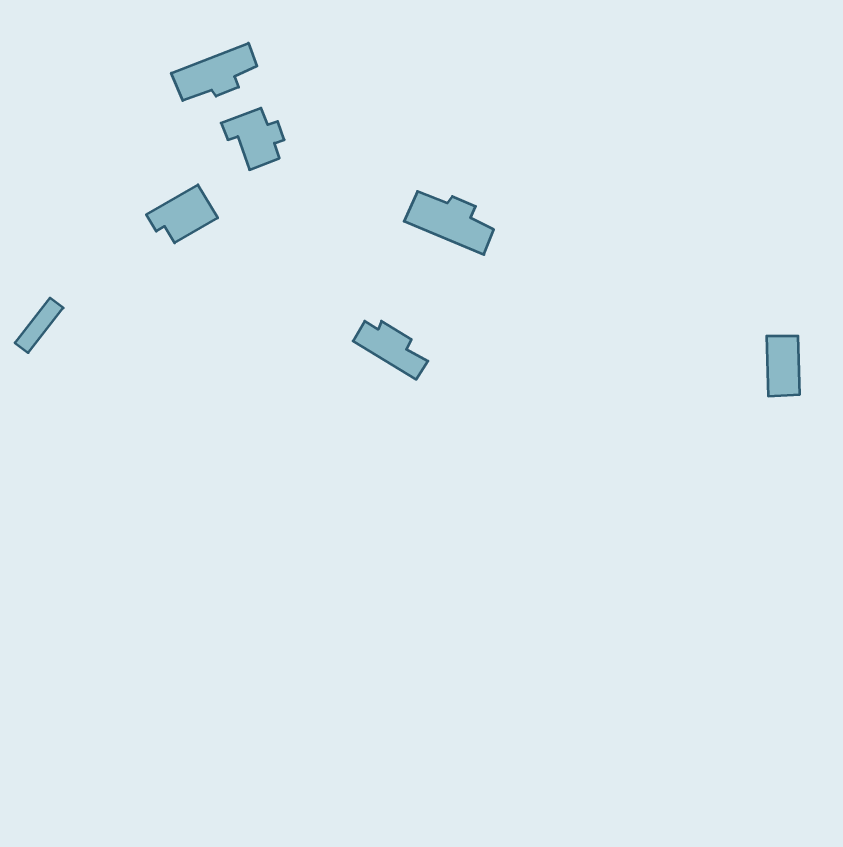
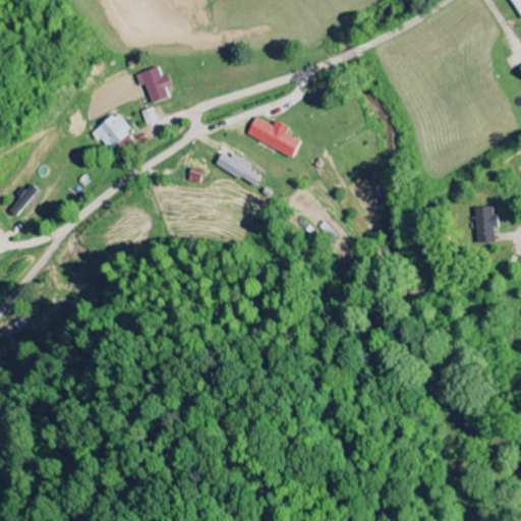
building: [171,43,257,101] -> none
building: [353,321,428,379] -> [217,152,263,187]

